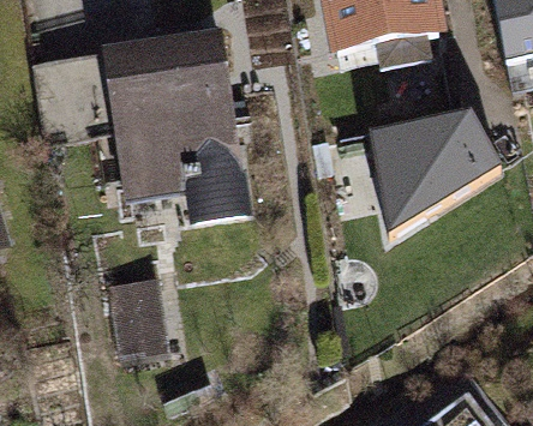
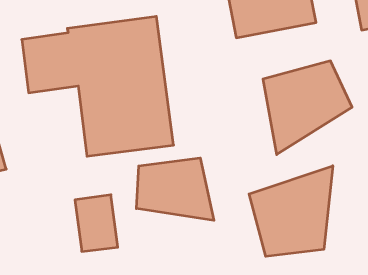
building: none -> [136,158,214,220]
building: none -> [249,166,333,256]

